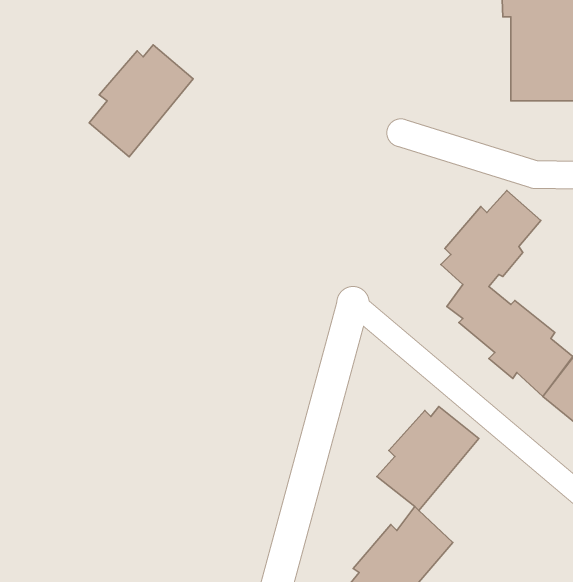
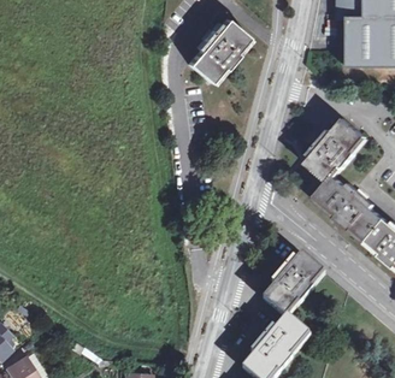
building: [89,45,193,157] -> [190,14,253,82]

